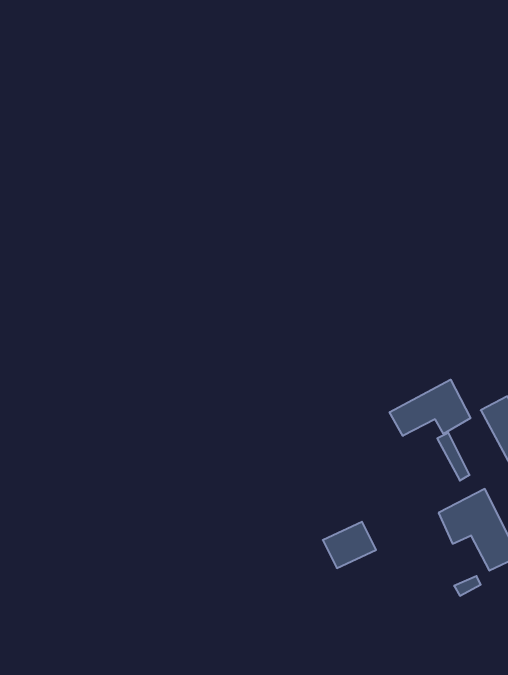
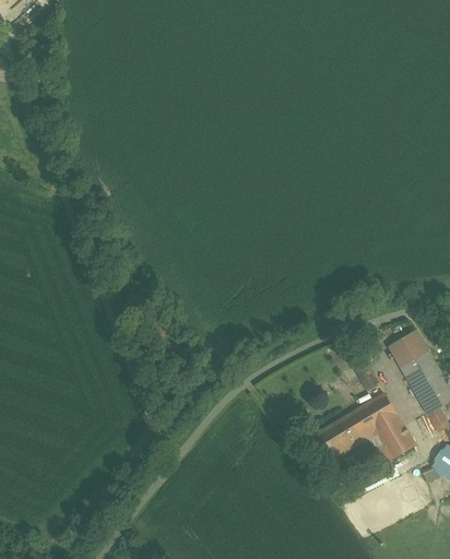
building: [390,380,470,436] -> none
building: [323,522,376,568] -> [317,416,358,452]

